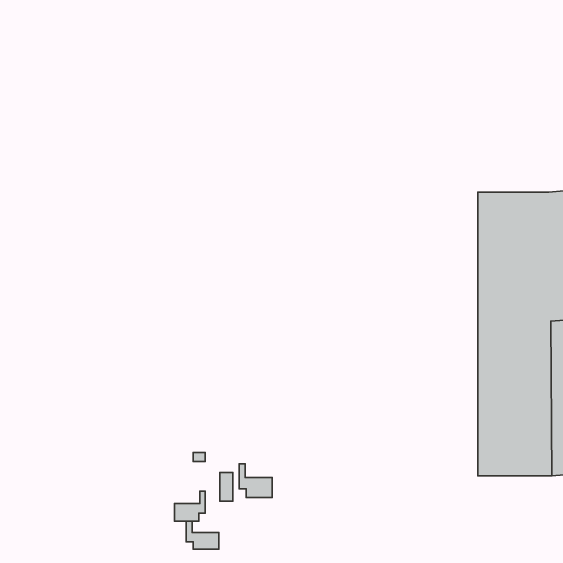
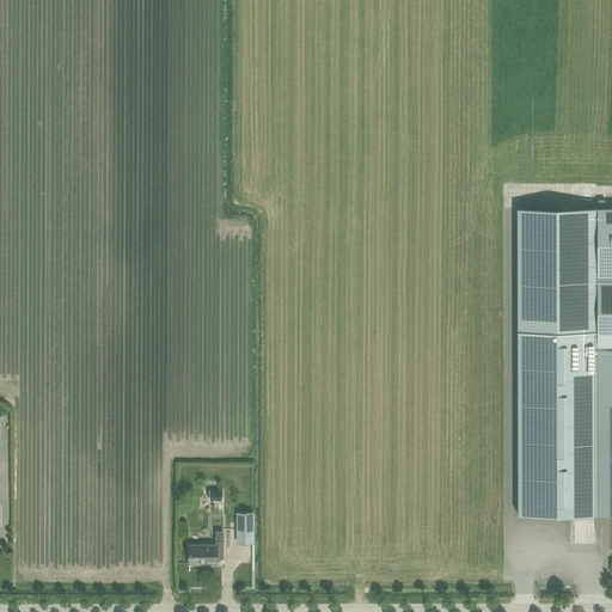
building: [239,464,272,497] -> none
building: [186,521,219,549] -> none

